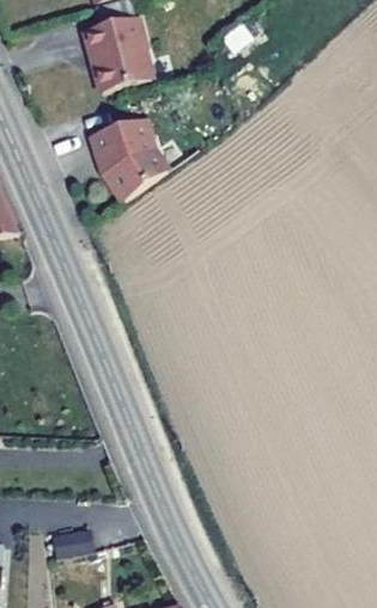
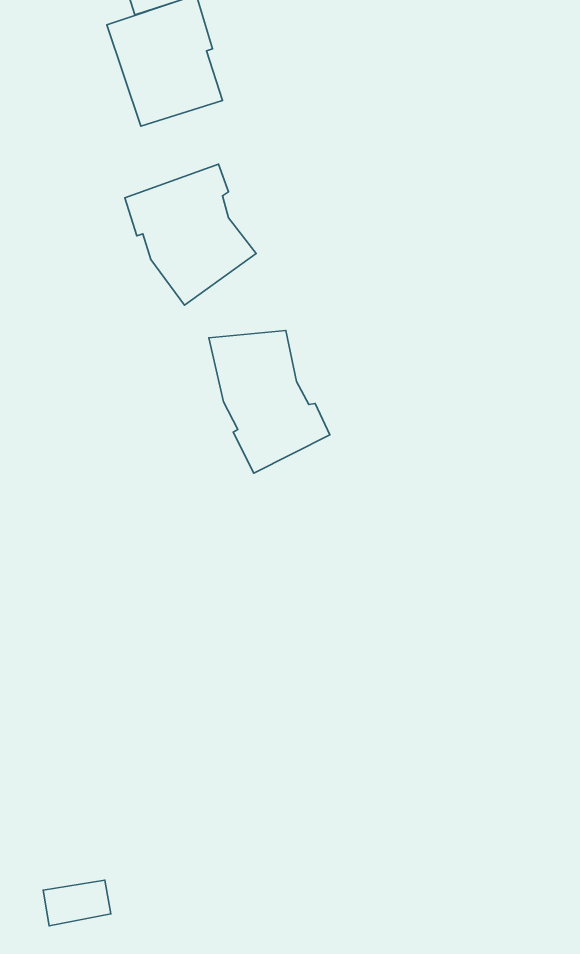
building: none -> [209,331,330,473]

